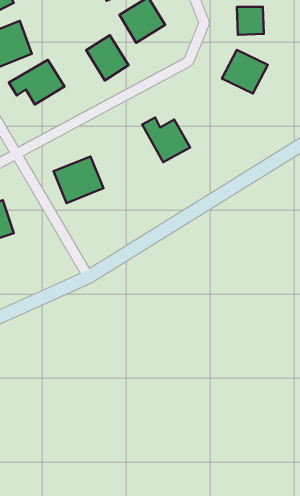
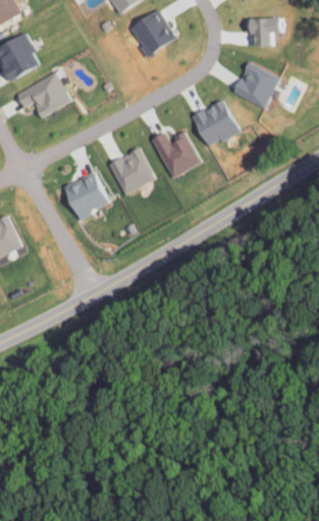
building: [86,35,129,80] -> none
building: none -> [191,98,244,146]
building: none -> [109,148,155,194]

